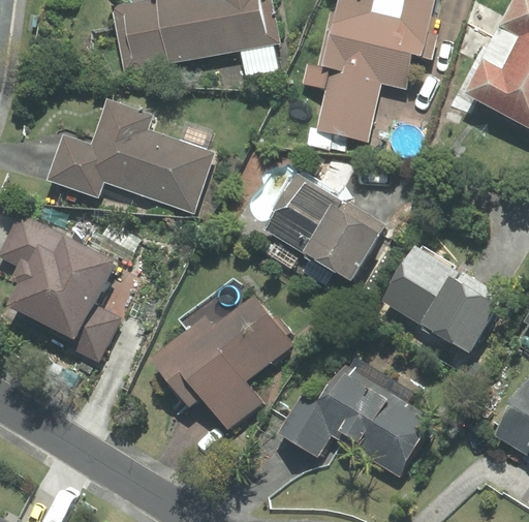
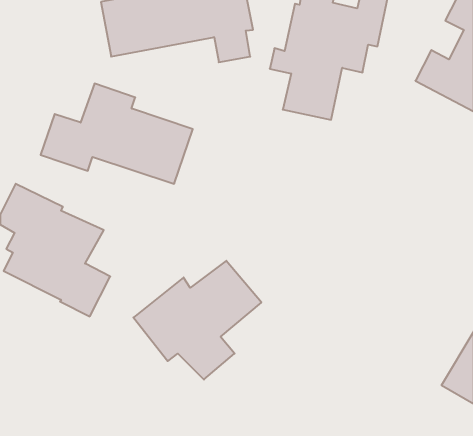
building: [266,179,385,286] -> none
building: [379,244,503,356] -> none
building: [272,360,433,474] -> none

